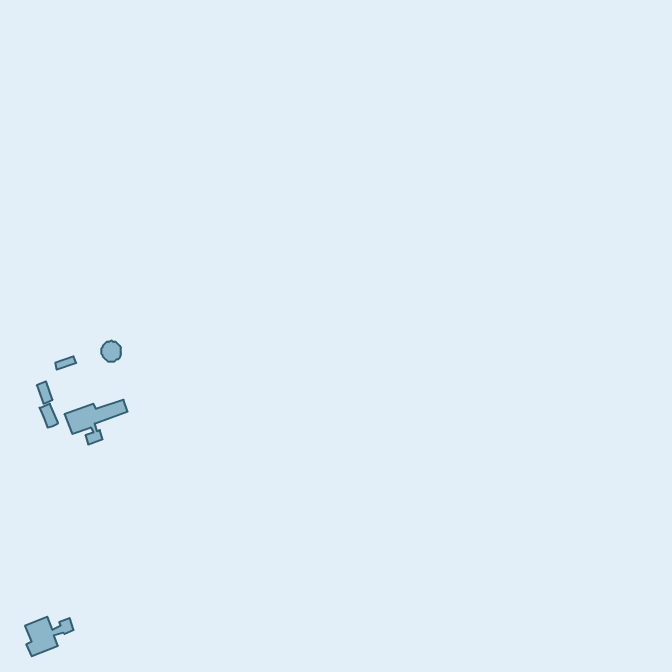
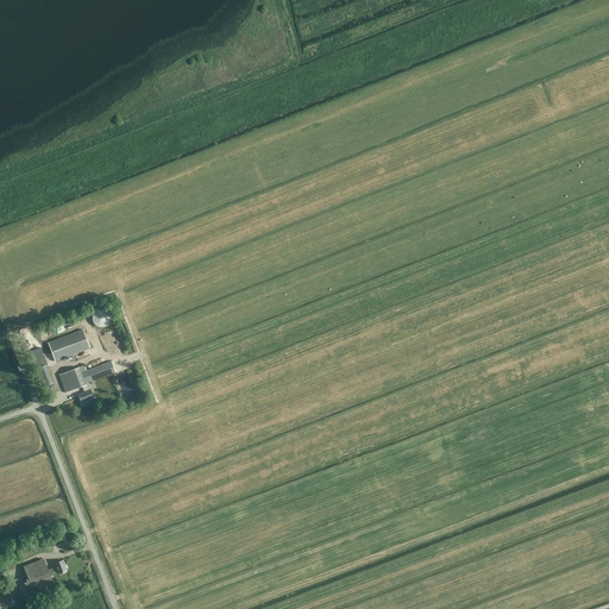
building: none -> [48,329,89,362]

